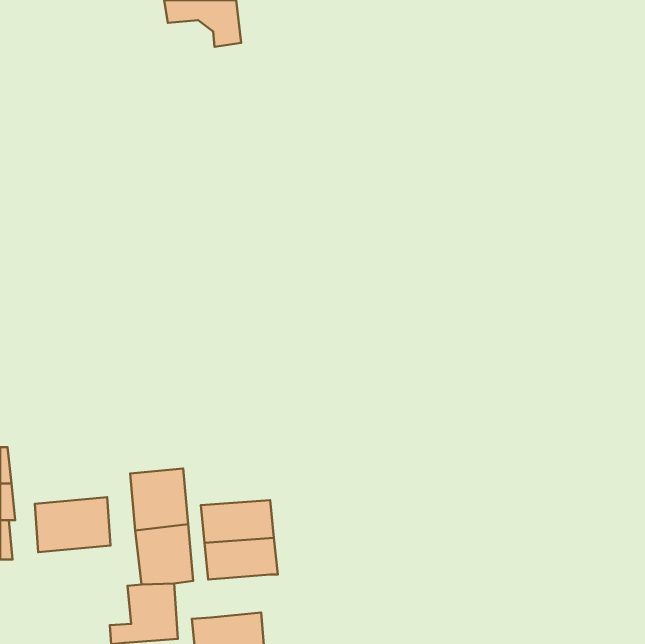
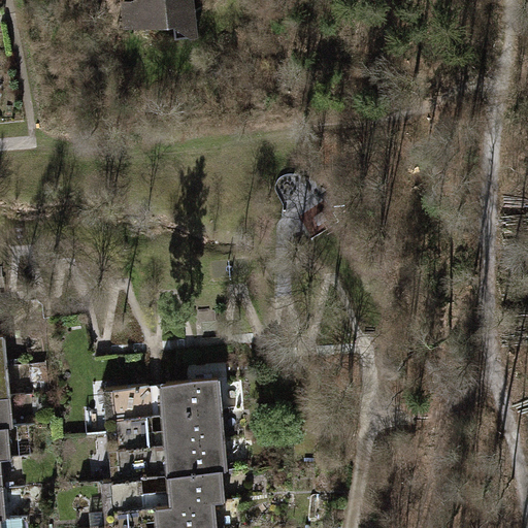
building: none -> [162,378,221,414]
building: [35,497,110,552] -> none
building: none -> [170,470,223,505]

